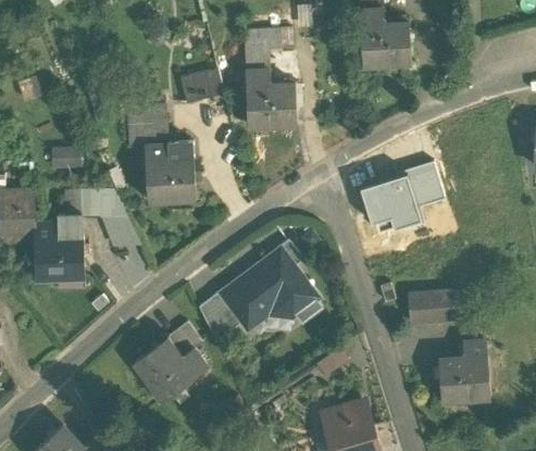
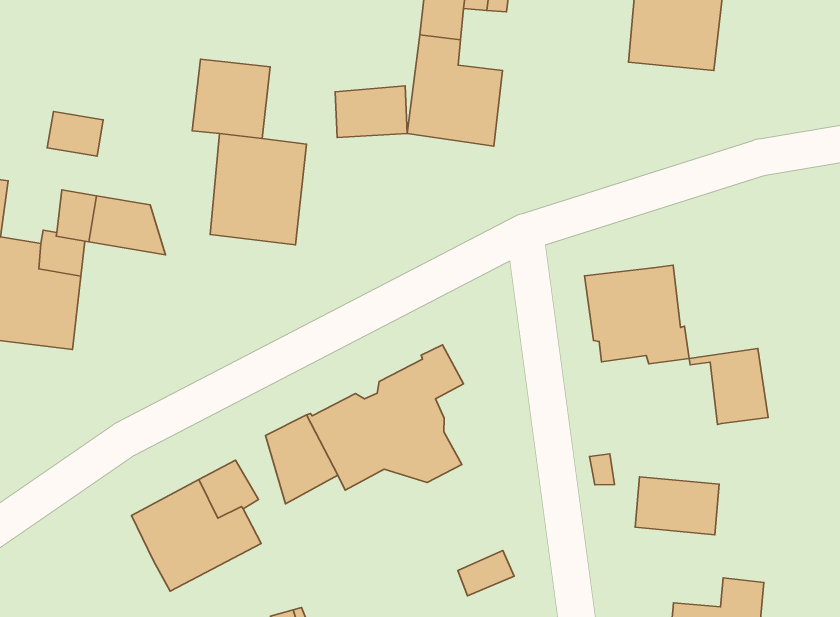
building: [179,68,223,103] -> [335,86,407,137]
building: [395,163,444,209] -> [689,349,768,425]

